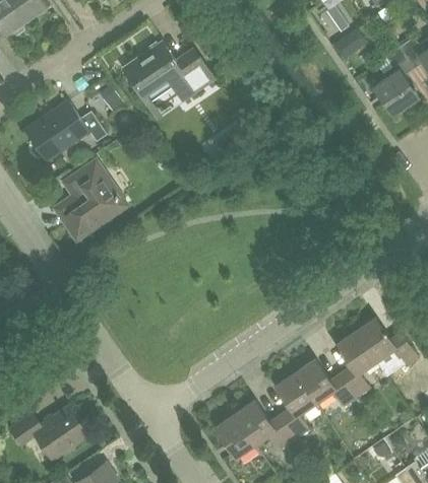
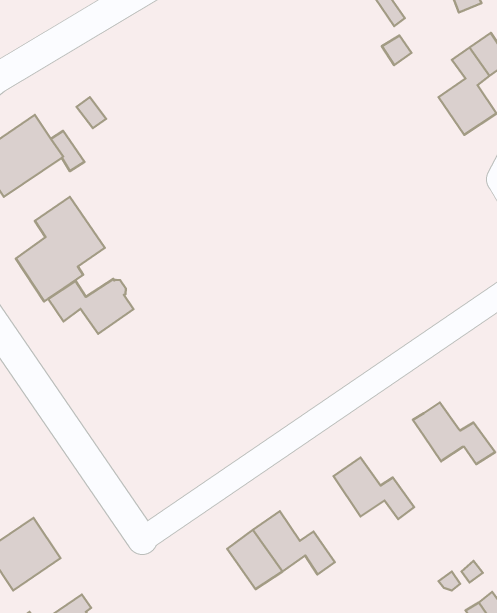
building: [122,41,213,119] -> none
building: none -> [48,279,134,334]
building: [335,330,376,396] -> none
building: [274,372,315,437] -> none

